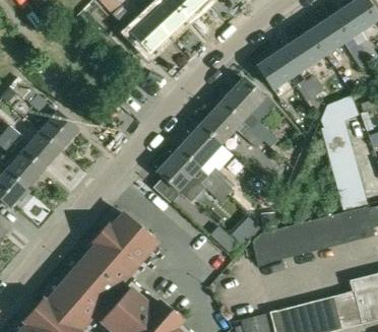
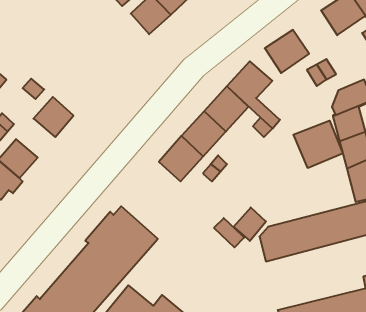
building: [284,29,325,70] -> none
building: [23,131,60,168] -> none
building: none -> [293,121,343,168]

